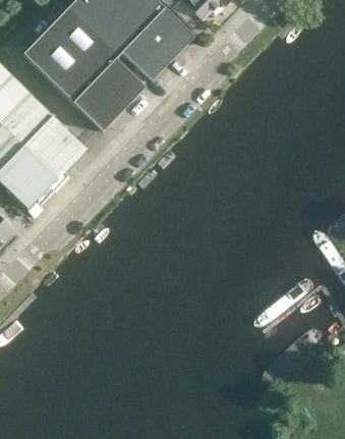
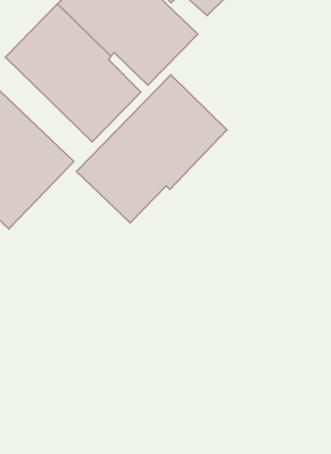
building: none -> [76,75,227,223]

